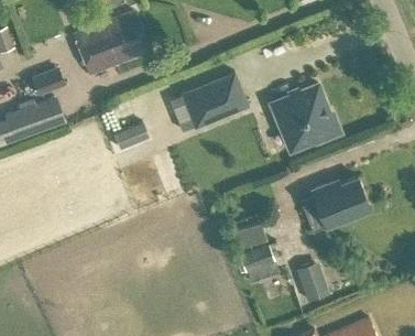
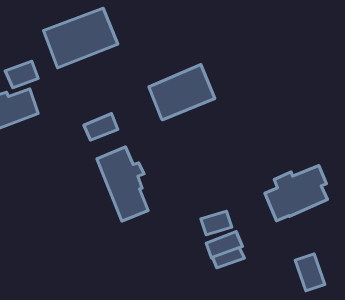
building: [270,85,339,151] -> none
building: none -> [97,147,148,221]
building: [298,265,329,304] -> [295,254,325,291]

